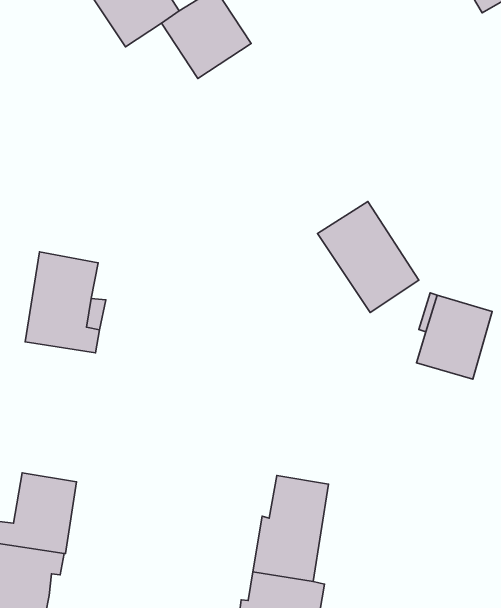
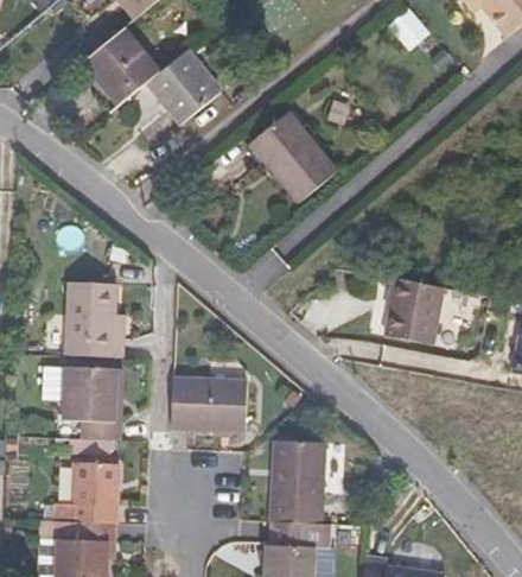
building: [318,201,419,312] -> [250,113,337,203]
building: none -> [64,367,121,440]
building: none -> [170,378,248,431]

